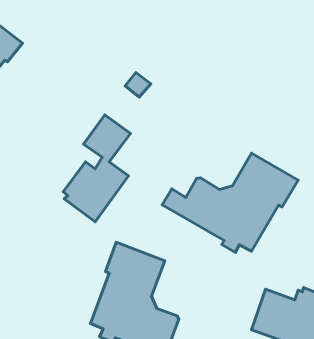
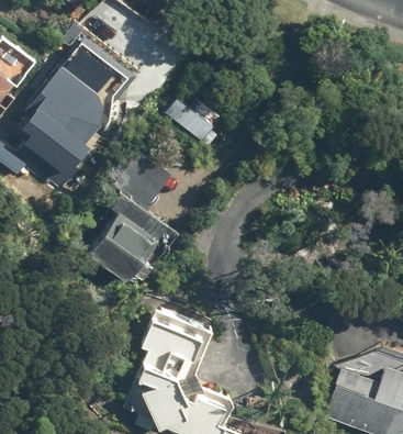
building: none -> [15,40,132,175]
building: [162,153,298,253] -> none

